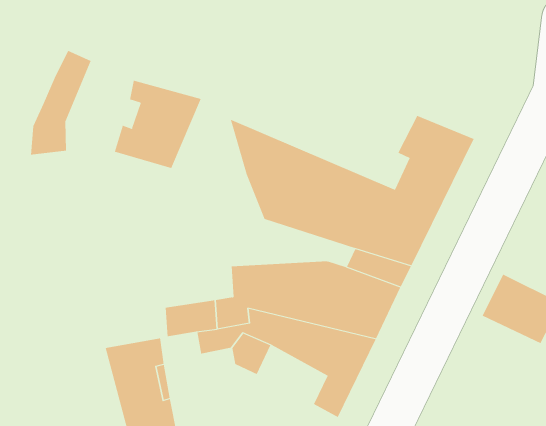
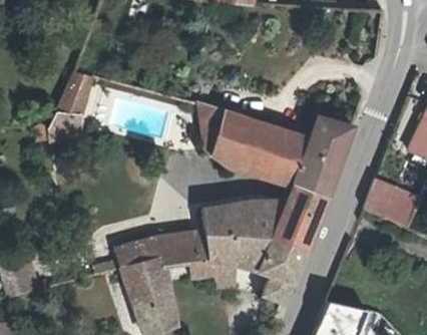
building: [114,80,201,169] -> none
building: none -> [111,236,159,267]

